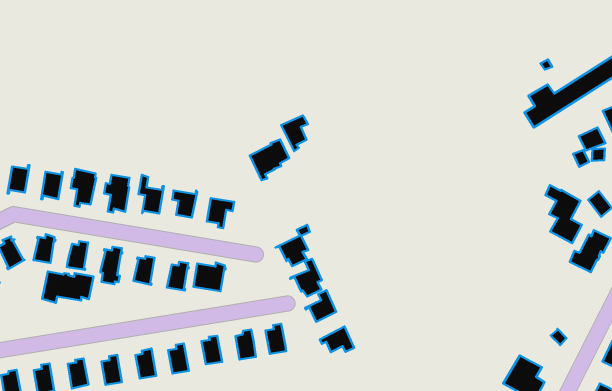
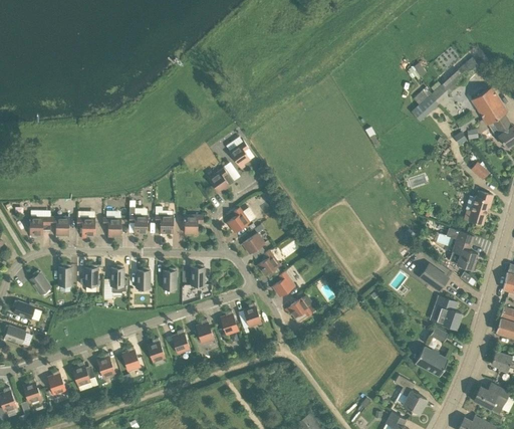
building: [546,185,582,243] -> [447,228,478,269]
building: none -> [225,207,256,232]
building: [42,271,93,303] -> none
building: none -> [418,262,449,292]

